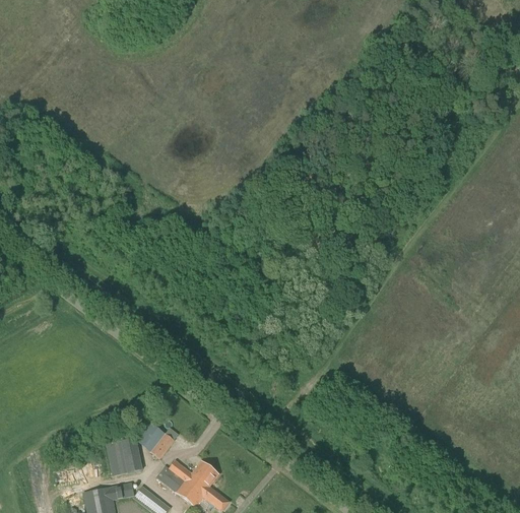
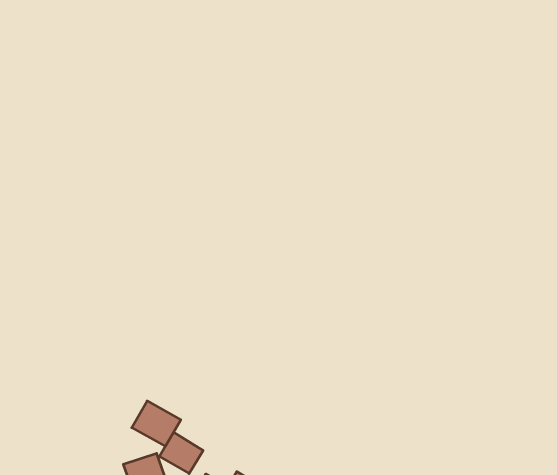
building: none -> [132,401,181,446]

